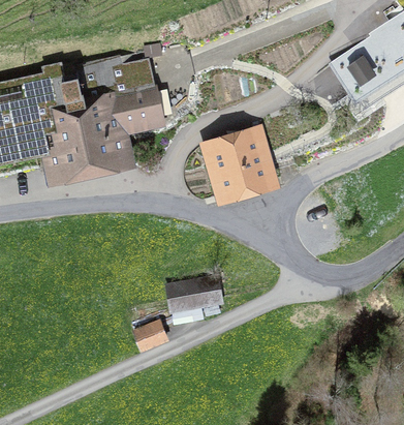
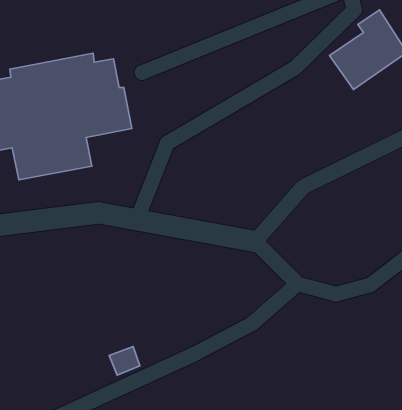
building: [214,142,268,198] -> none
building: [166,280,224,315] -> none

